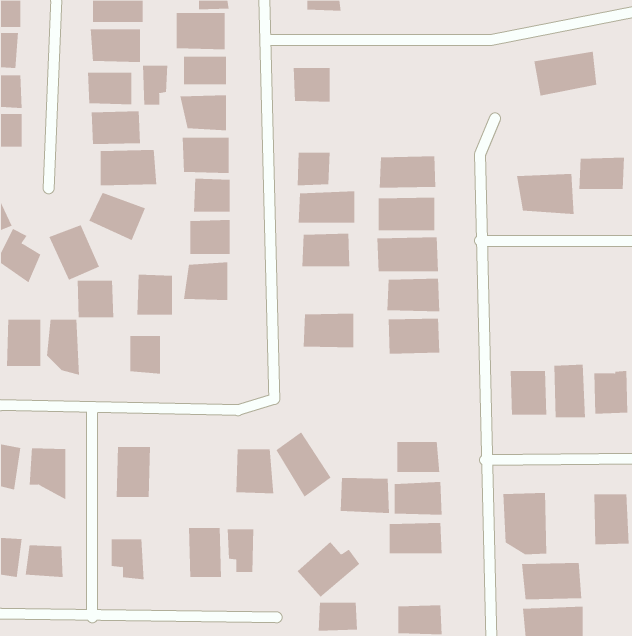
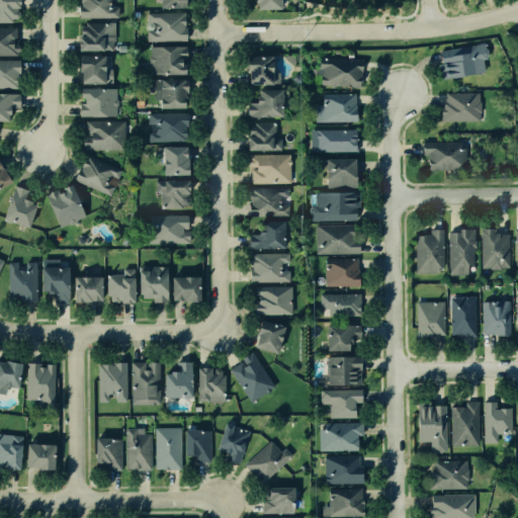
building: [143,65,168,105] -> none
building: none -> [317,56,364,90]
building: none -> [251,87,283,116]
building: none -> [318,94,360,122]
building: [579,157,625,190] -> [443,95,481,121]
building: none -> [250,223,283,248]
building: [137,274,173,315] -> [138,266,167,299]
building: none -> [449,226,474,270]
building: [77,280,114,318] -> [71,272,101,303]
building: none -> [412,229,443,276]
building: none -> [481,230,511,274]
building: none -> [176,277,204,303]
building: none -> [253,288,293,316]
building: none -> [320,293,362,319]
building: none -> [249,323,282,355]
building: none -> [134,361,160,402]
building: none -> [166,361,191,398]
building: [340,477,390,514] -> [323,326,363,355]
building: none -> [451,400,482,447]
building: none -> [219,424,249,464]
building: none -> [124,429,153,471]
building: none -> [324,457,361,486]

